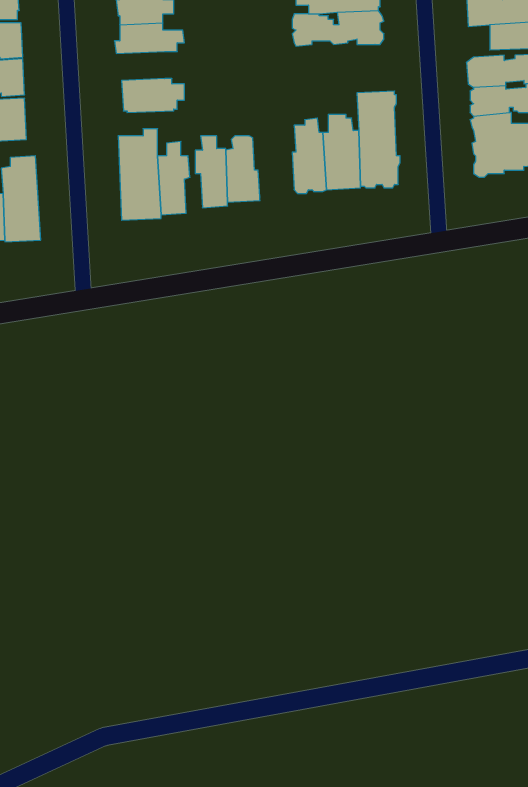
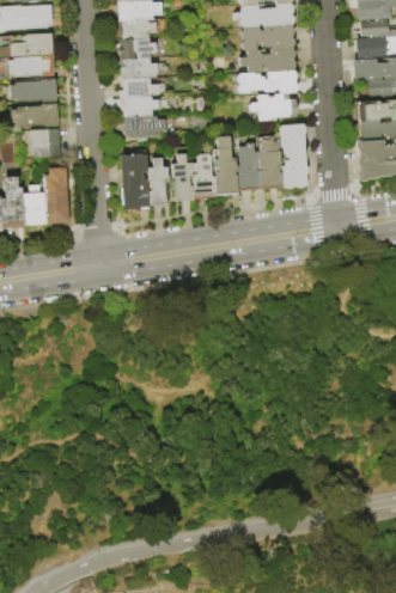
building: none -> [249,92,298,121]
building: none -> [120,97,162,116]
building: none -> [214,135,238,194]

